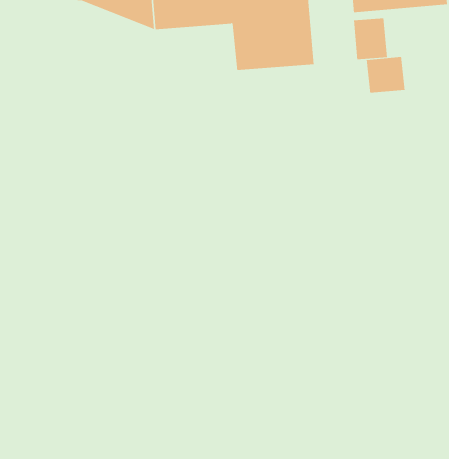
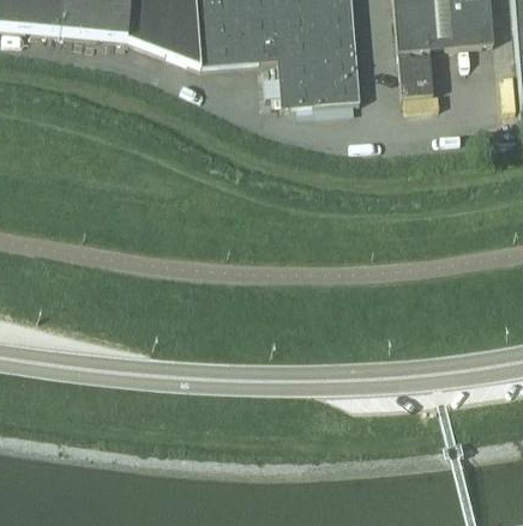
building: [366,56,405,94] -> none

